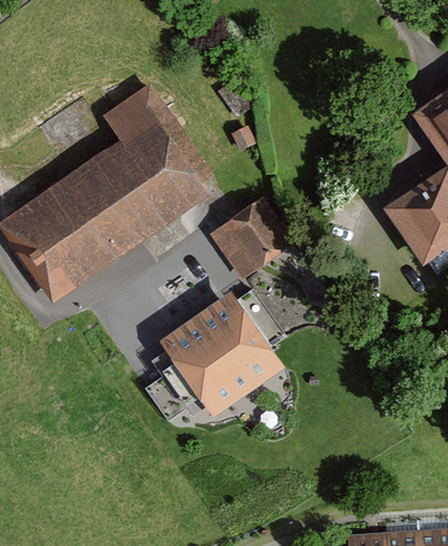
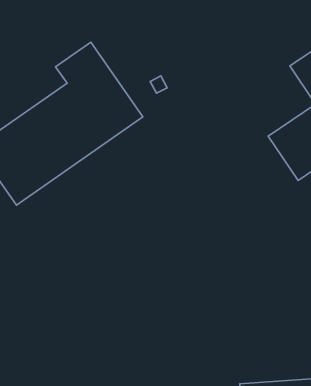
building: [204,198,288,278] -> none
building: [157,290,284,417] -> none

